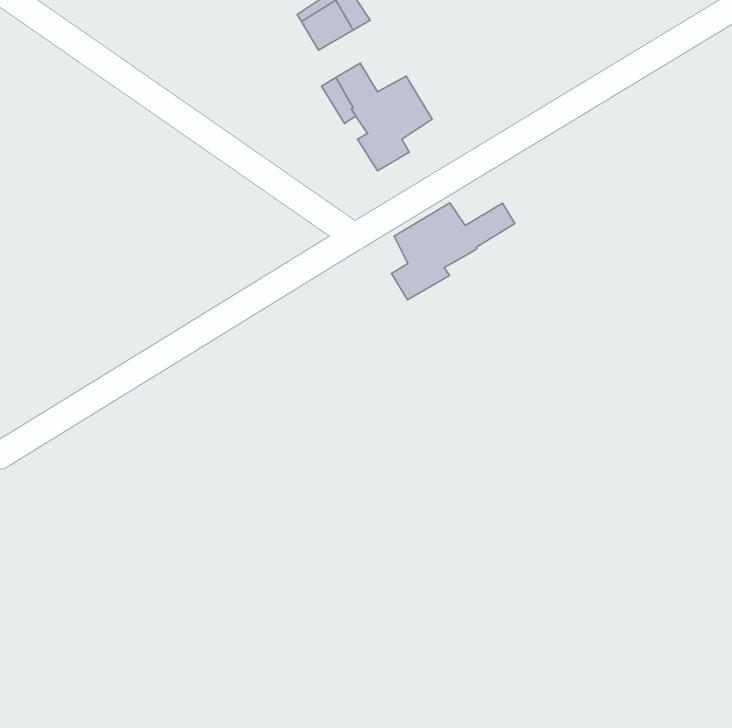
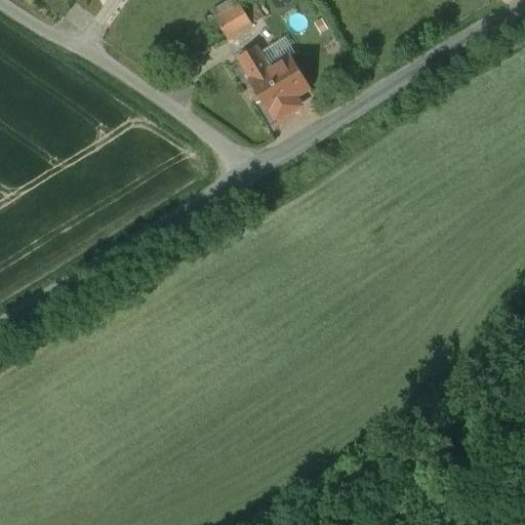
building: [391,203,515,300] -> none

